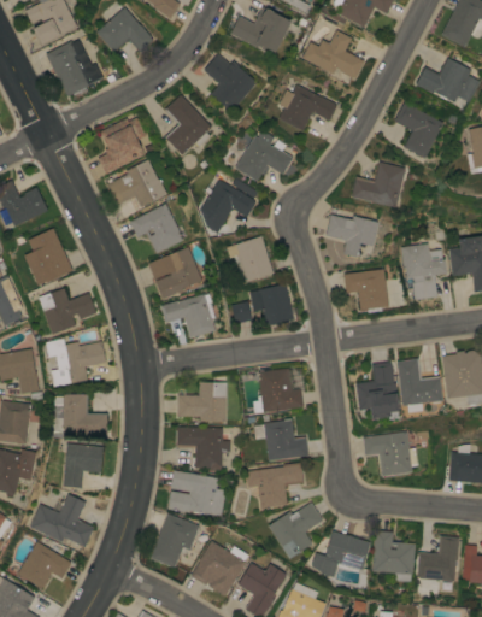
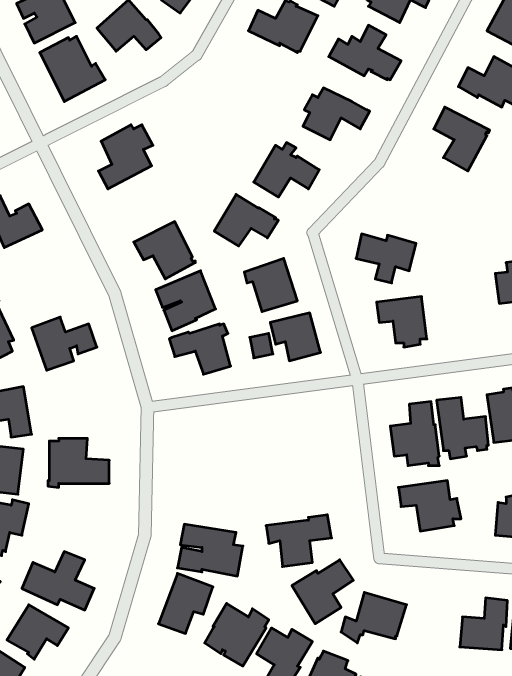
building: [204,53,257,111] -> none
building: [165,94,211,154] -> none
building: [106,159,167,206] -> none
building: [352,161,405,207] -> none
building: [24,228,72,284] -> none
building: [400,243,447,299] -> none
building: [46,337,106,387] -> none
building: [253,368,304,413] -> none
building: [177,381,227,421] -> none
building: [263,418,308,460] -> none
building: [176,427,230,471] -> none
building: [63,442,104,487] -> none
building: [372,530,415,581] -> none

